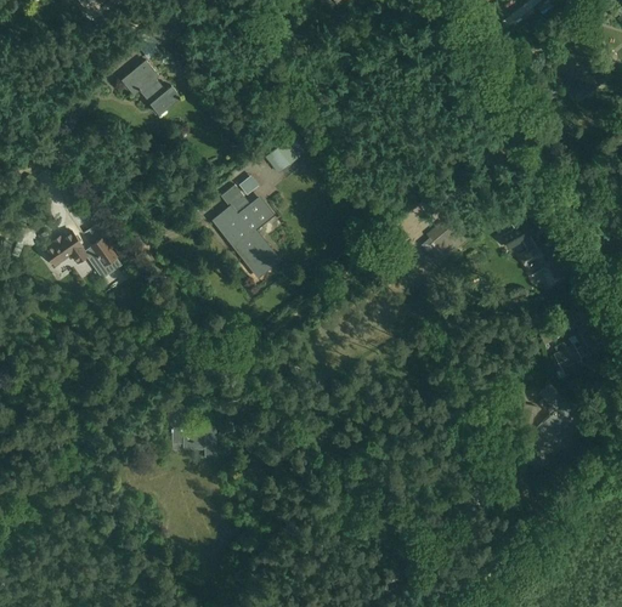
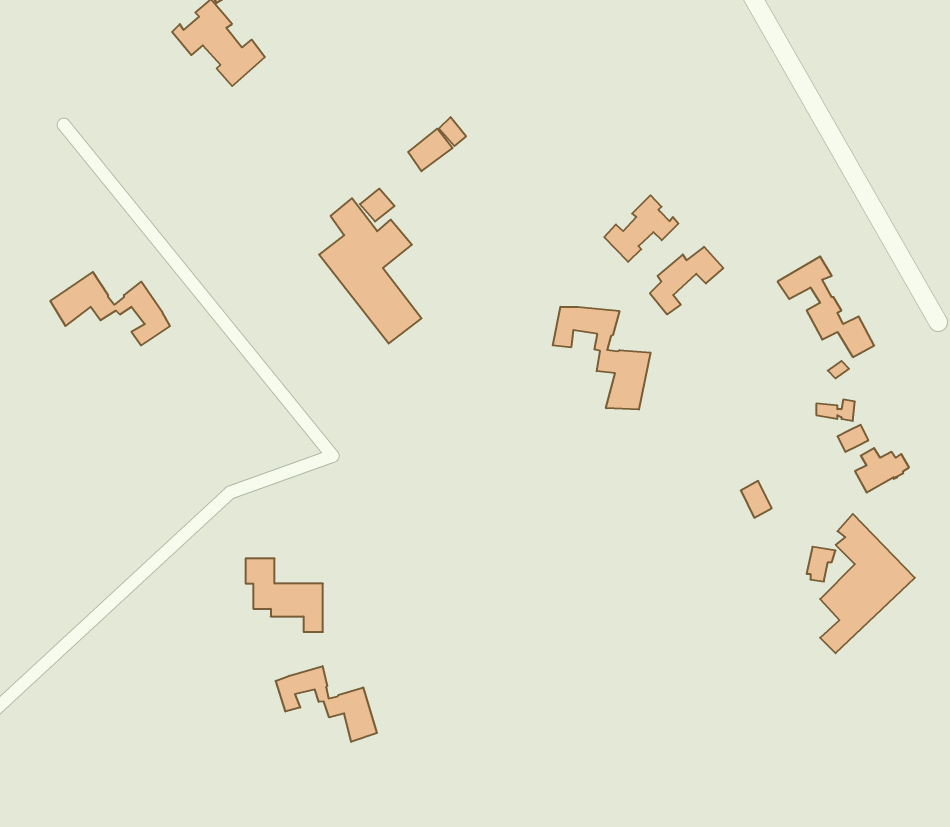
building: none -> [604,195,678,262]
building: none -> [553,307,651,410]
building: none -> [276,666,377,742]

